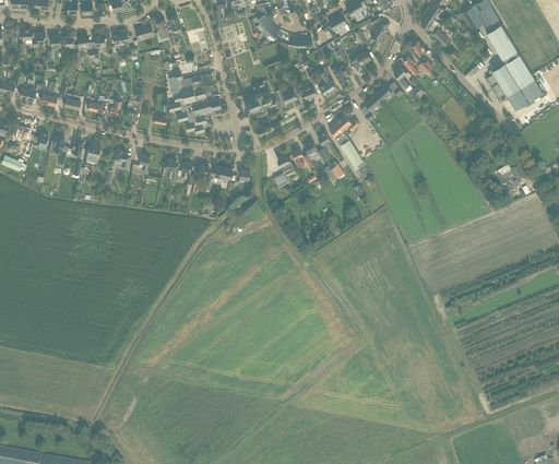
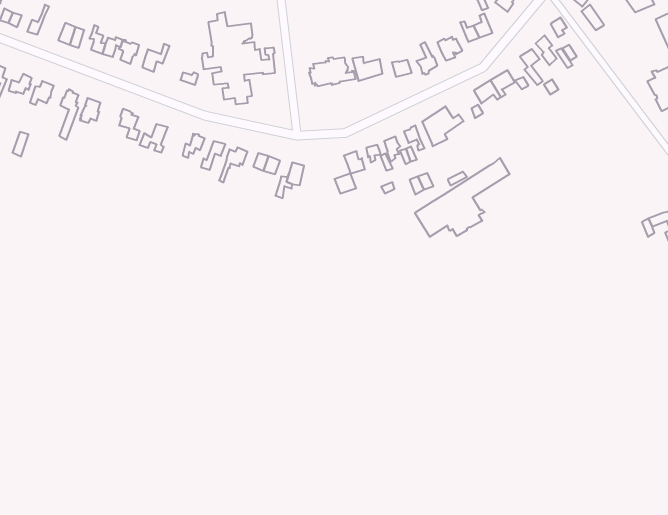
building: none -> [415,158,510,237]

